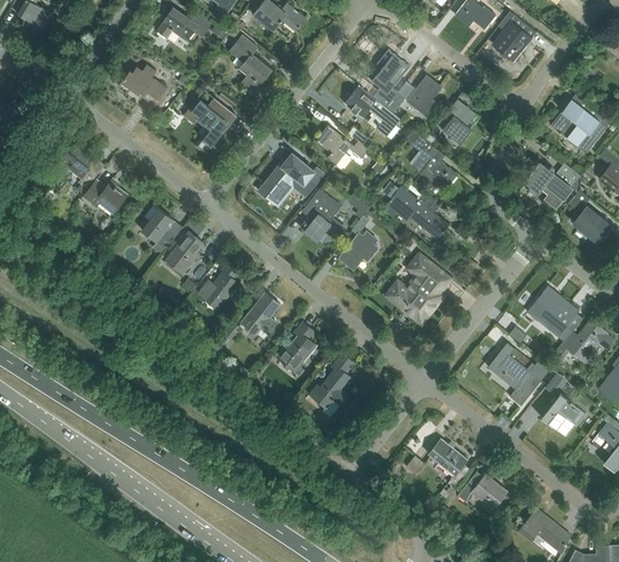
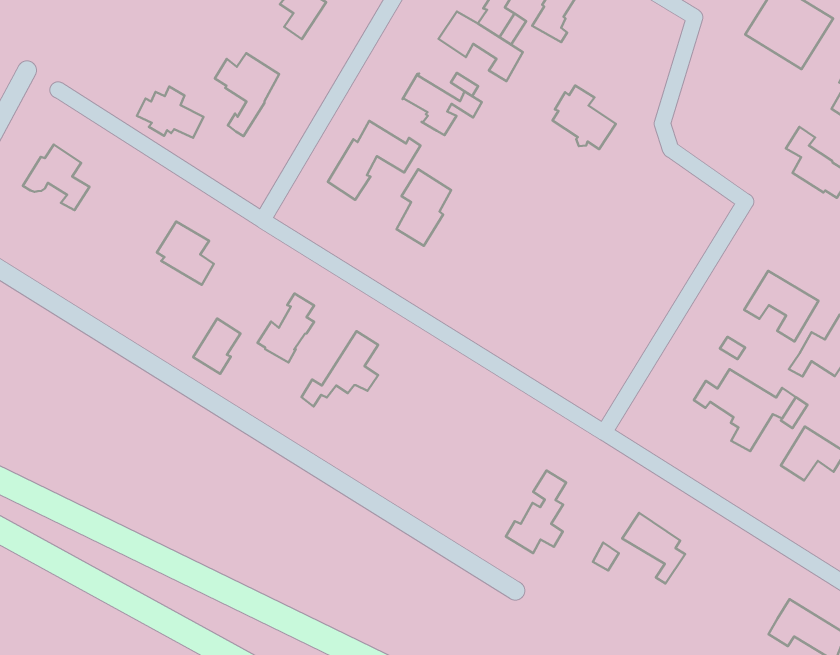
building: [121,66,166,103] -> [137,87,203,138]
building: [436,99,476,144] -> none
building: [525,163,579,209] -> none
building: [83,180,127,213] -> none
building: [387,187,450,239] -> none
building: [339,216,377,271] -> none
building: [169,232,203,270] -> [193,318,241,374]
building: [387,254,451,324] -> none
building: [276,323,317,375] -> none
building: [310,354,354,409] -> [506,471,566,553]
building: [457,473,508,511] -> none

